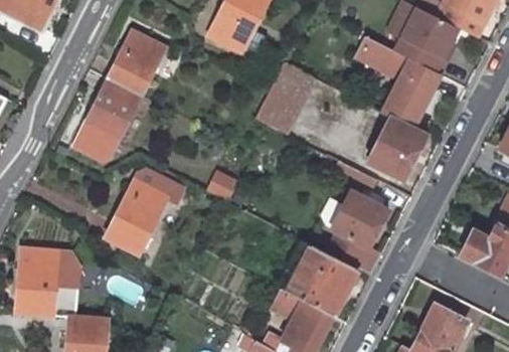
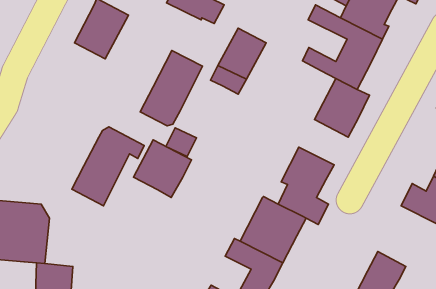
building: [73,78,141,160] -> [140,50,203,126]
building: none -> [133,140,191,198]

